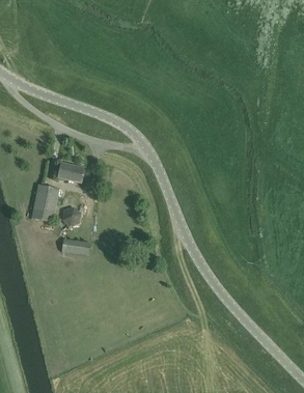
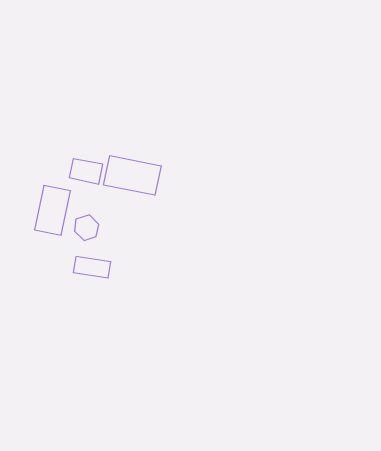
building: none -> [104,156,161,195]

